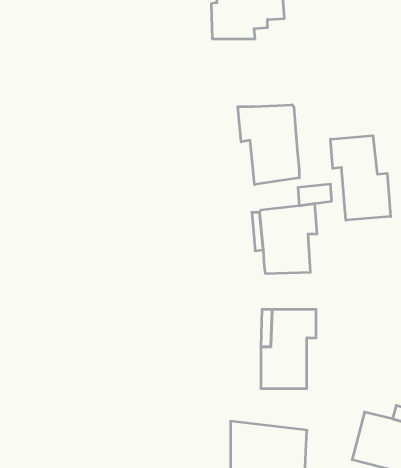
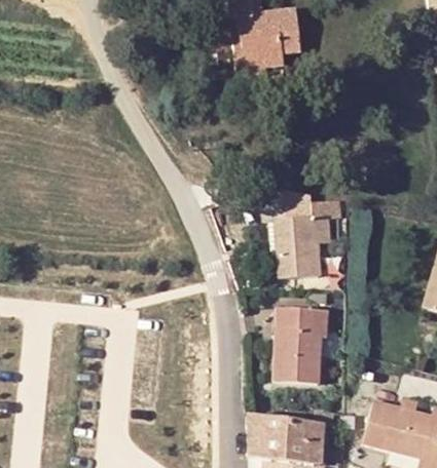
building: [238,105,299,185] -> none
building: [330,136,391,220] -> none

